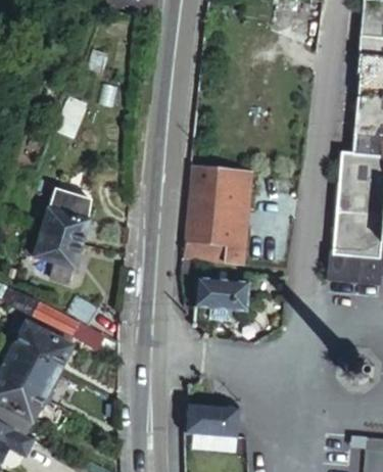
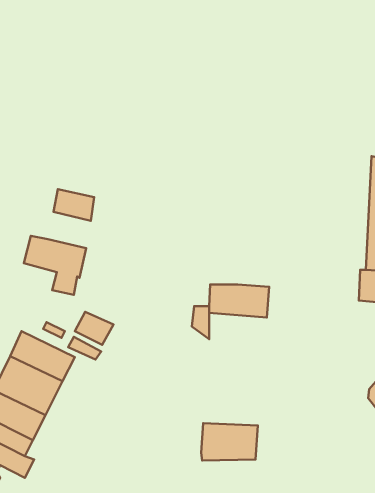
building: [185,167,252,257] -> none
building: [48,213,87,245] -> none

